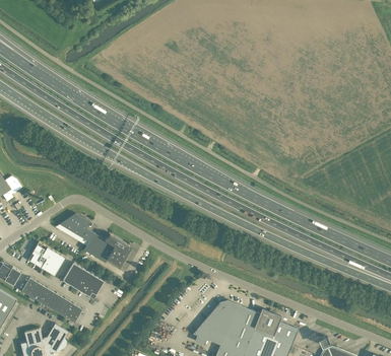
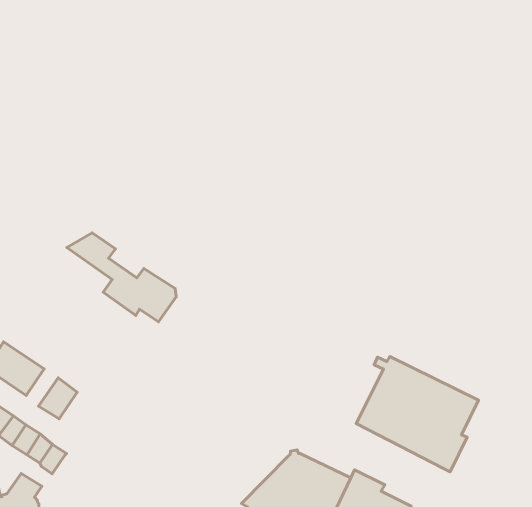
building: [59,213,129,266] -> [67,233,176,322]
building: none -> [356,356,479,472]
building: [75,271,104,298] -> none

